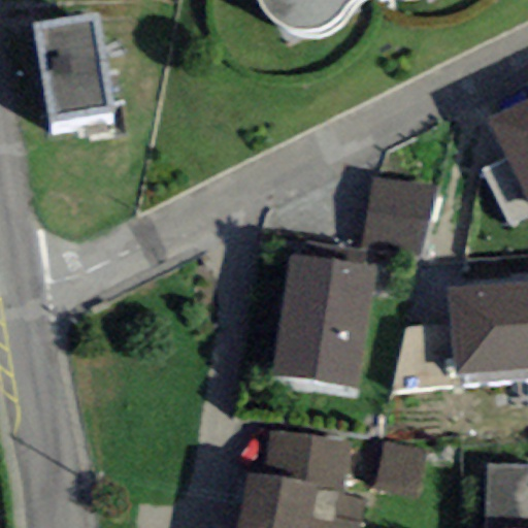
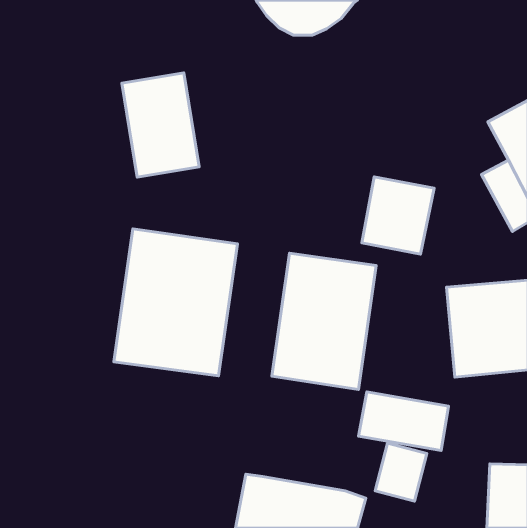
building: [34,15,111,120] -> [122,73,199,177]
building: none -> [114,229,238,376]
building: [263,431,353,490] -> [359,392,449,451]

